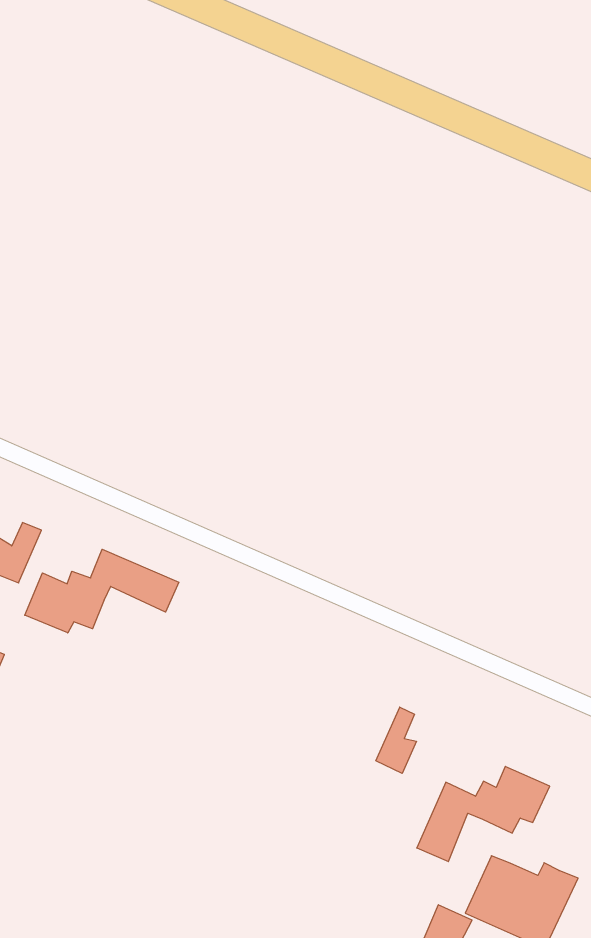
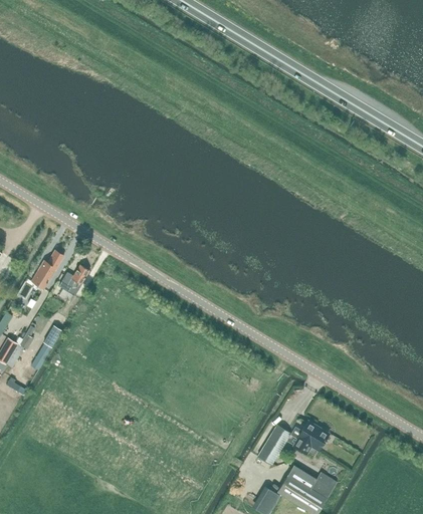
building: [25,549,179,633] -> none
building: [376,707,416,773] -> none

